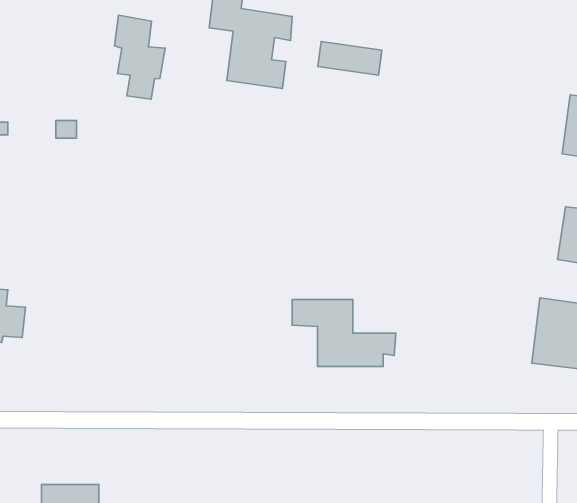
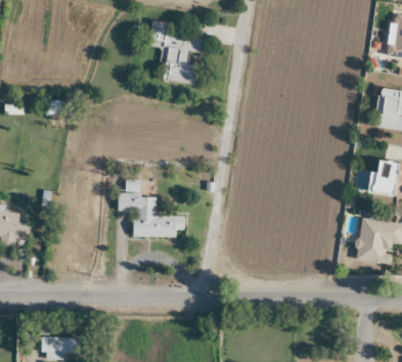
building: [114,15,165,99] -> none
building: [318,42,382,75] -> none
building: [292,300,396,367] -> [118,193,184,236]

